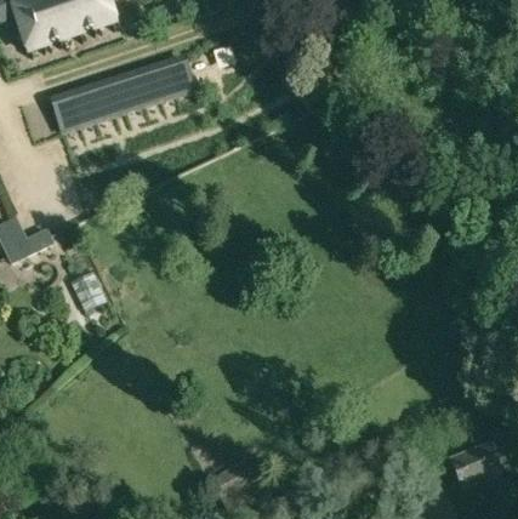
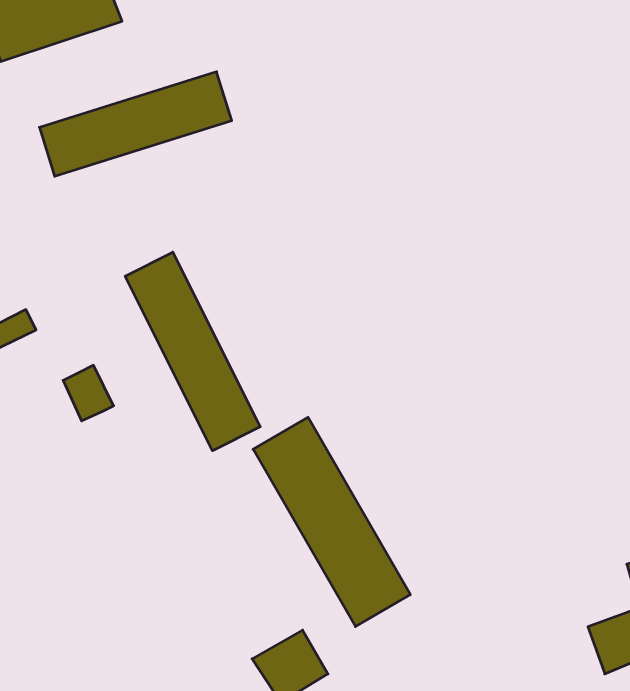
building: none -> [125,252,260,451]
building: none -> [253,417,410,627]

